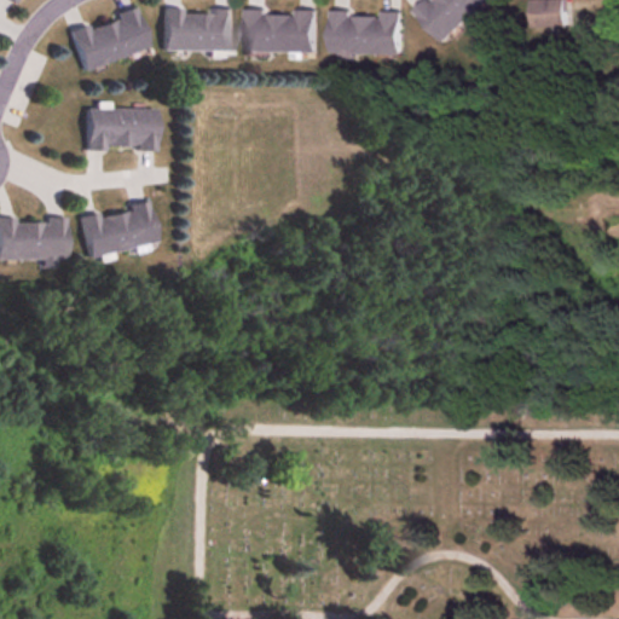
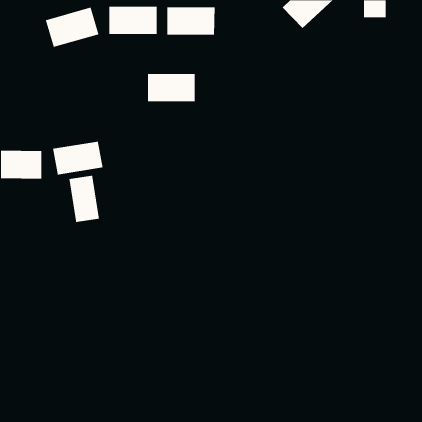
building: [331,11,401,56] -> none
building: [83,109,154,151] -> [147,73,195,102]
building: none -> [68,175,100,223]

